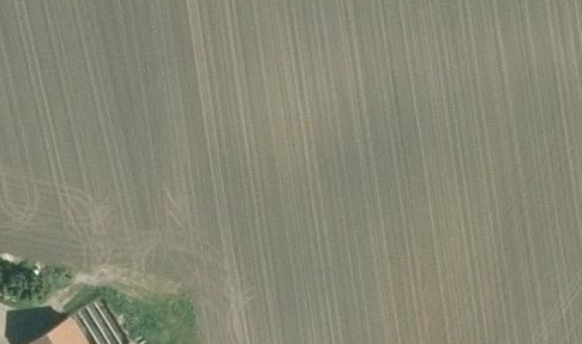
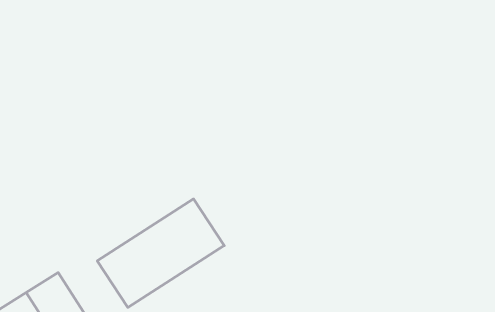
building: none -> [97,199,224,307]

